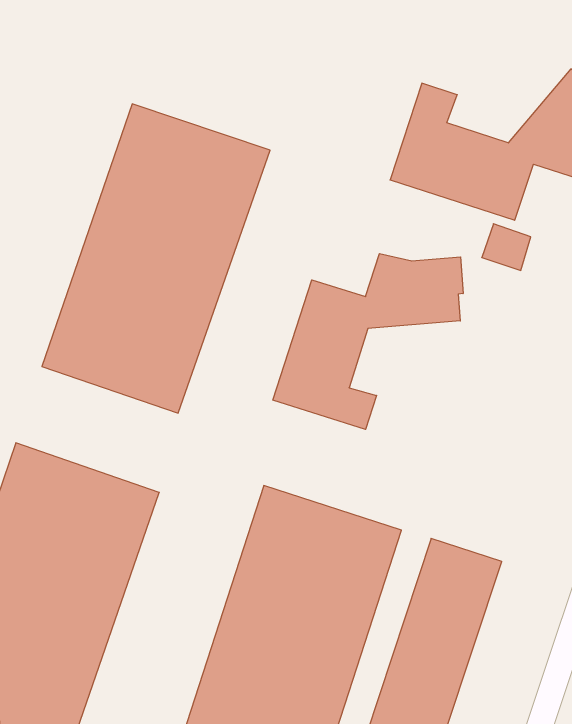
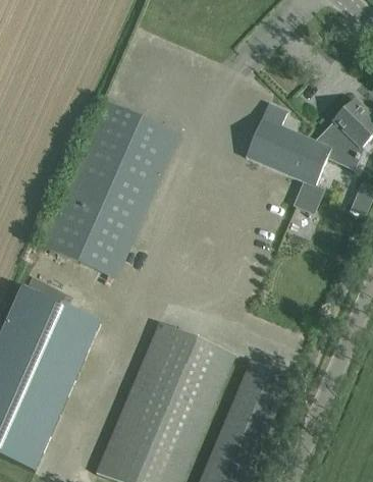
building: [273,254,463,429] -> none

